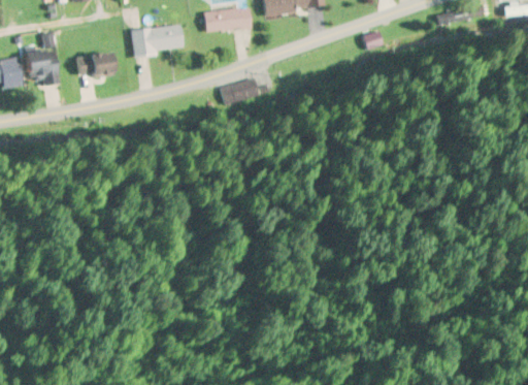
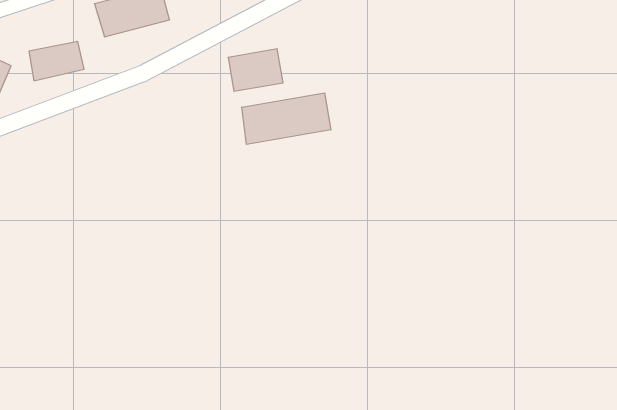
building: none -> [242,93,331,144]

